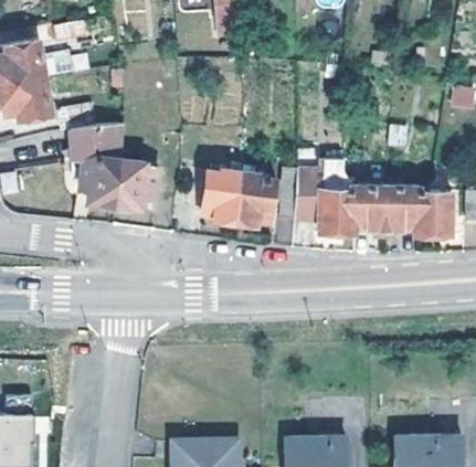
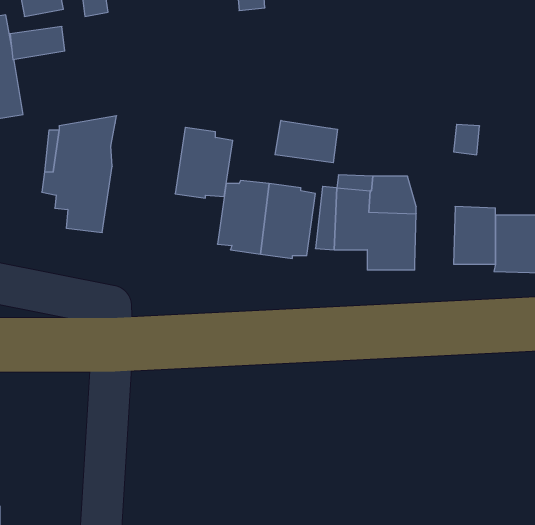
building: none -> [275,120,337,163]
building: [113,156,157,210] -> [175,127,233,198]
building: [352,187,383,231] -> none

